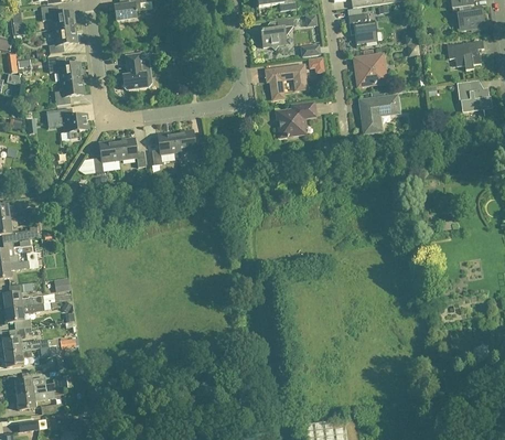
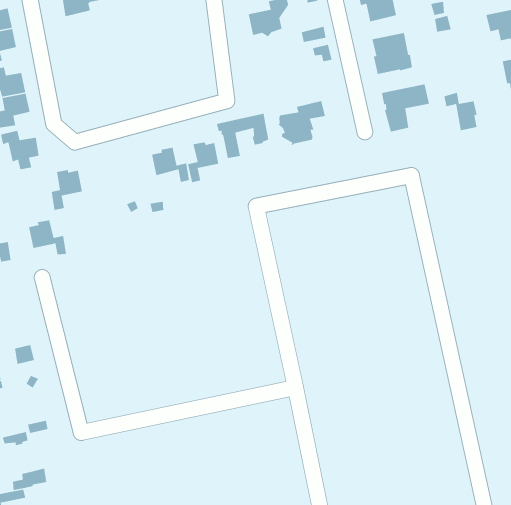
building: [121,52,151,88] -> none
building: [265,64,305,98] -> [216,113,269,159]
building: none -> [443,92,478,131]
building: [151,132,176,164] -> [187,141,219,183]
building: [116,137,144,165] -> [28,219,67,255]

